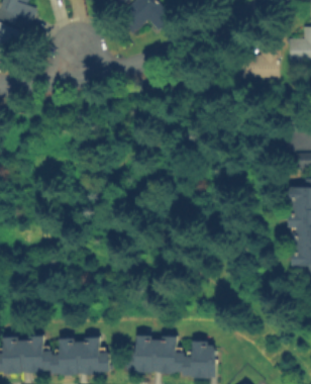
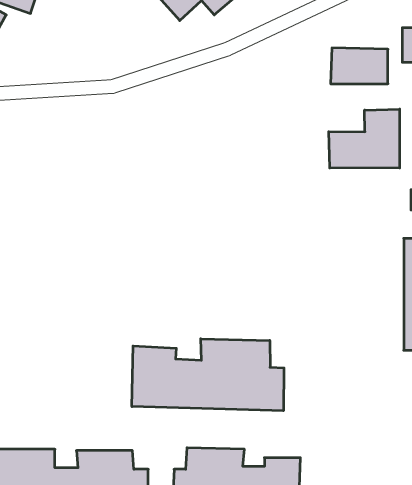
building: none -> [329,109,400,168]
building: none -> [132,339,284,411]

